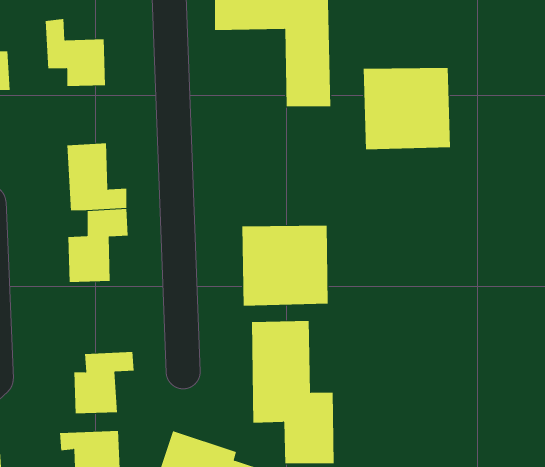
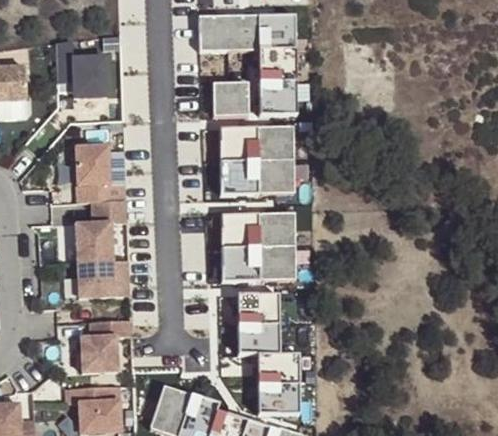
building: none -> [215,81,248,116]
building: [363,67,451,150] -> [220,126,294,195]
building: none -> [77,260,130,297]

